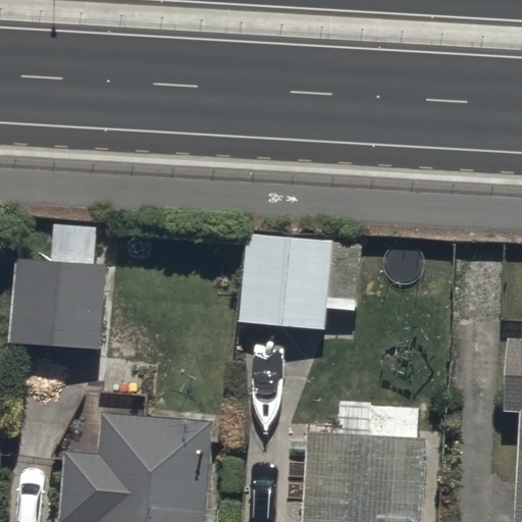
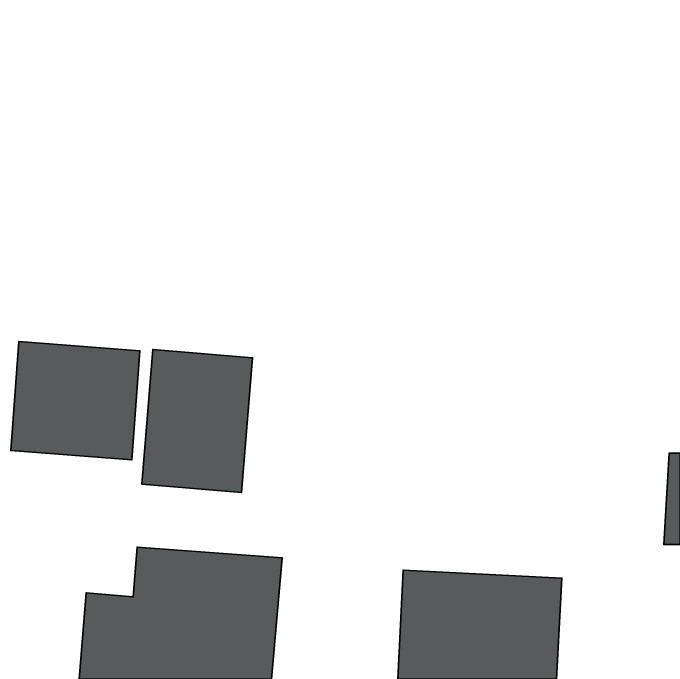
building: [237,236,330,330] -> none
building: none -> [142,349,253,493]

